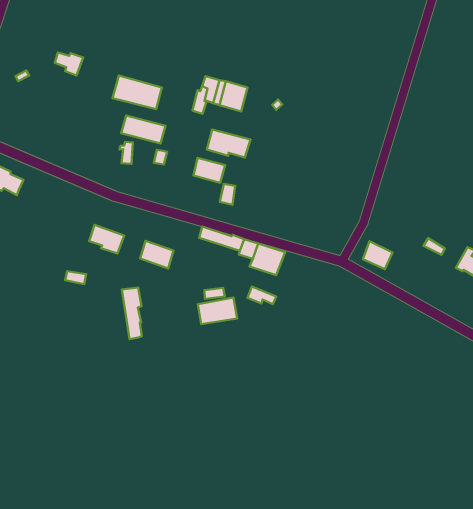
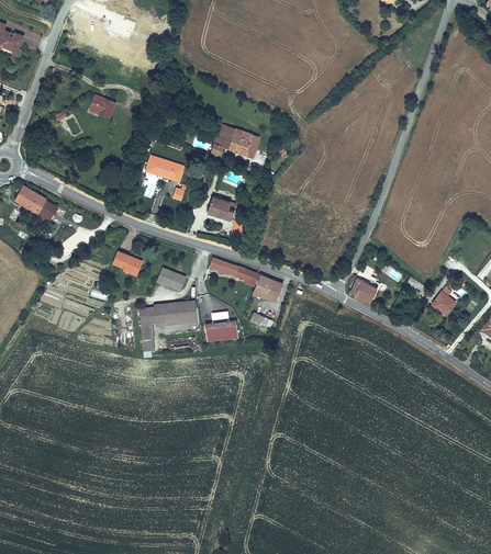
building: [113,75,162,109] -> none
building: [207,130,251,158] -> none
building: none -> [153,299,198,327]

